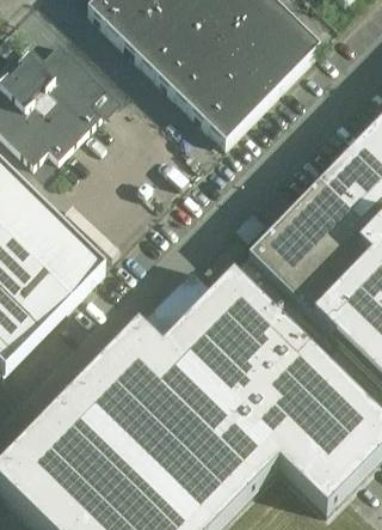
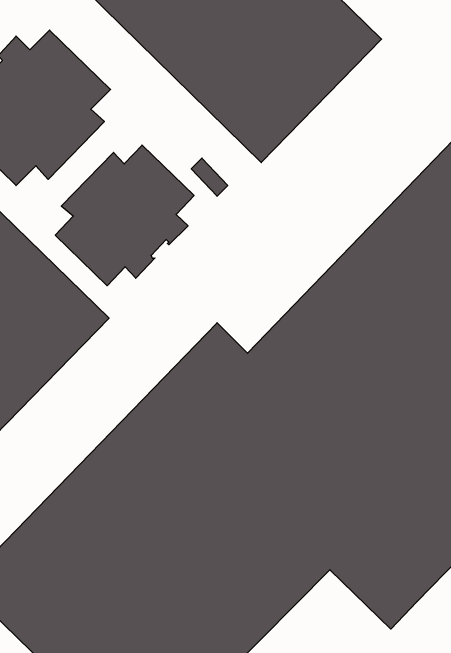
building: none -> [55,145,194,286]

